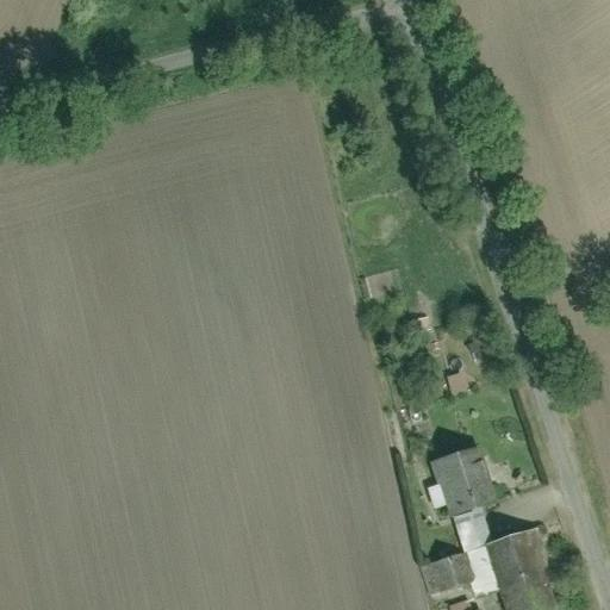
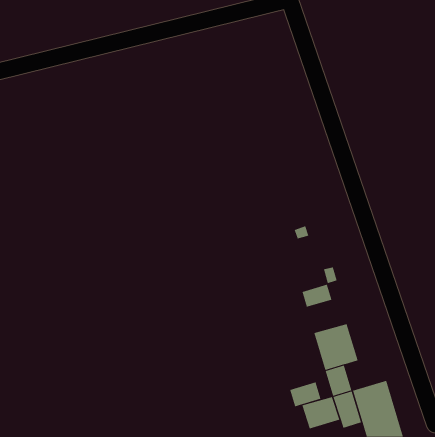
building: none -> [302,284,332,308]
building: none -> [290,382,321,407]

